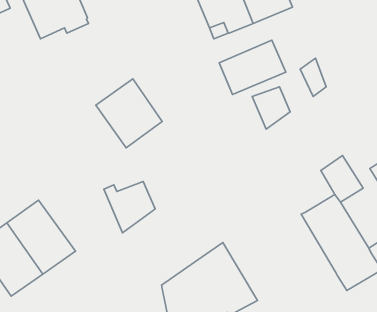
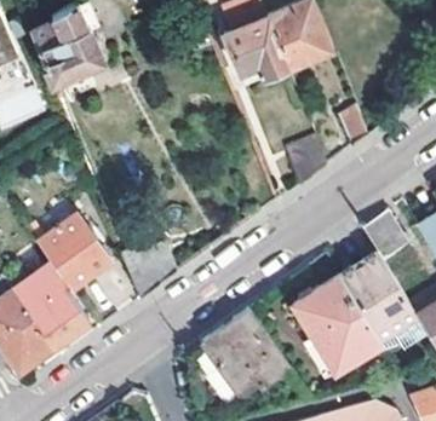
building: [219,40,286,95] -> none
building: [96,79,162,148] -> [38,212,111,288]
building: none -> [292,278,379,375]

